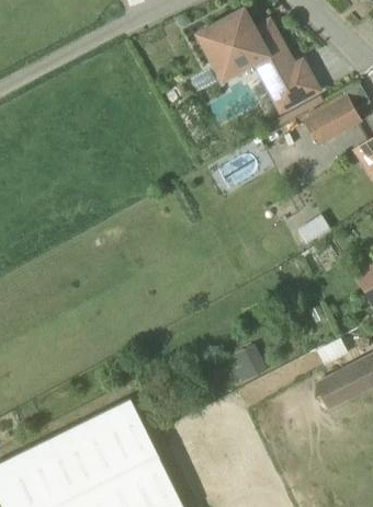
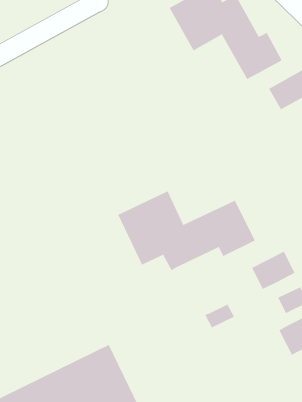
building: none -> [118,191,255,271]
building: none -> [251,251,295,290]

